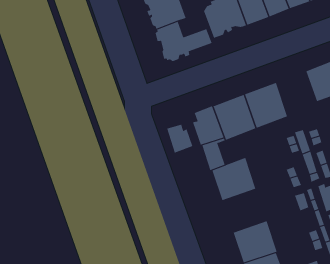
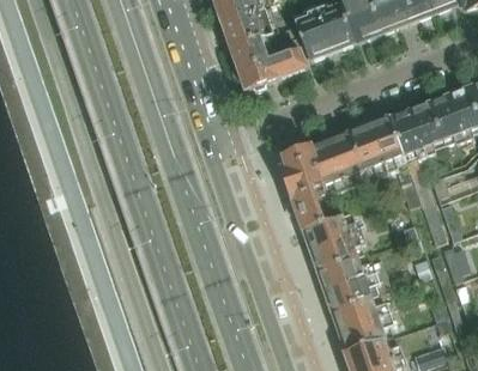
building: none -> [389,102,441,160]
building: [166,124,193,153] -> none
building: none -> [319,254,377,310]

